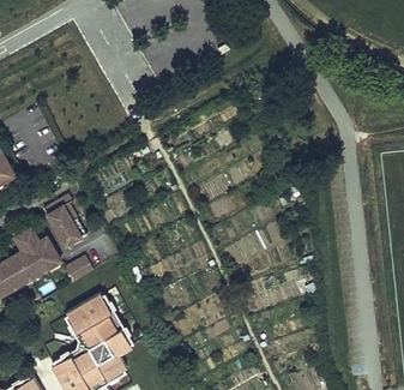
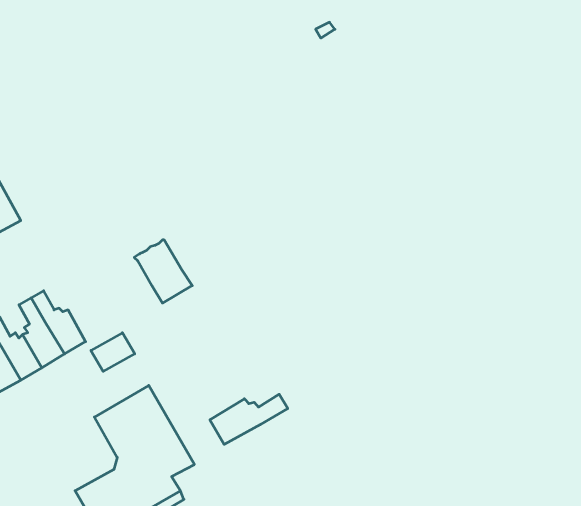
building: [47,203,86,246] -> [134,240,192,303]
building: none -> [210,394,288,444]

